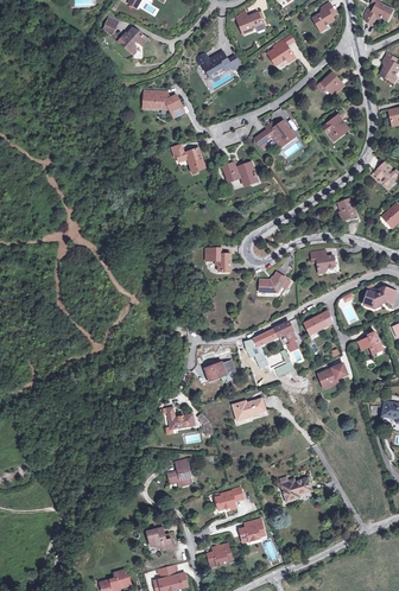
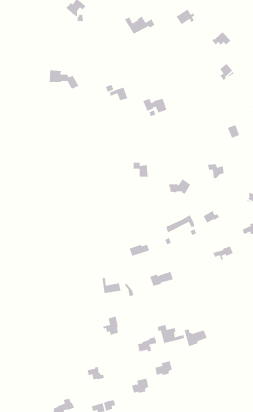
building: [142,89,184,116] -> [49,70,79,90]
building: [254,120,294,148] -> none
building: none -> [157,324,185,344]

